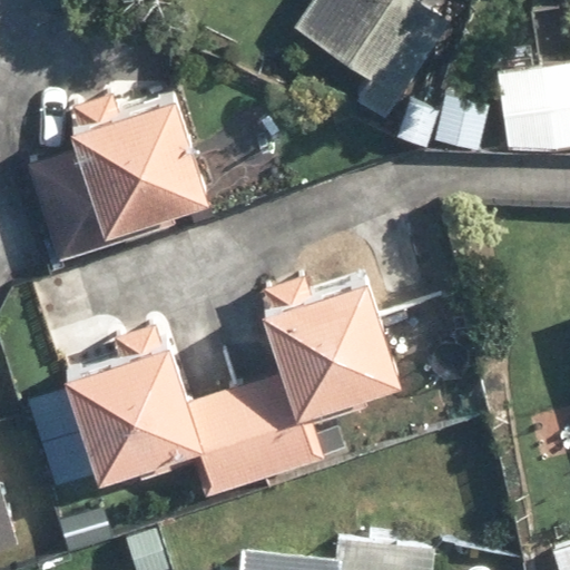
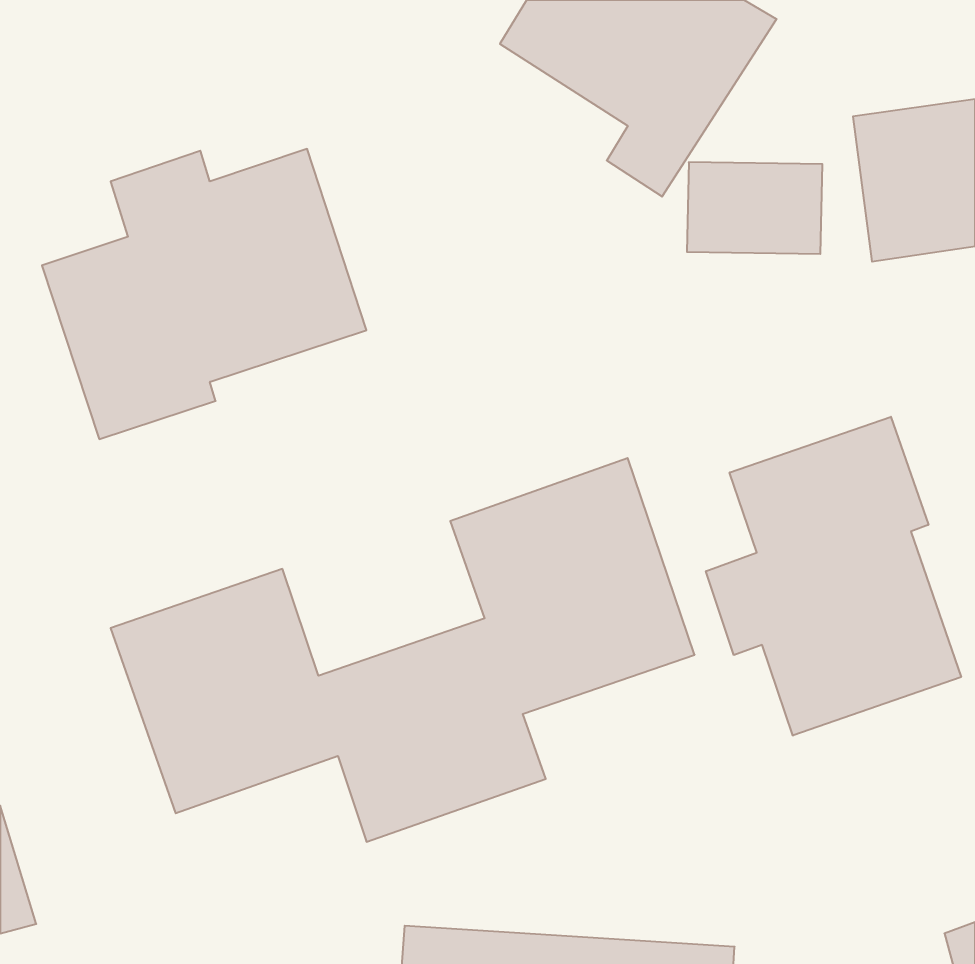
building: none -> [706,417,961,736]

